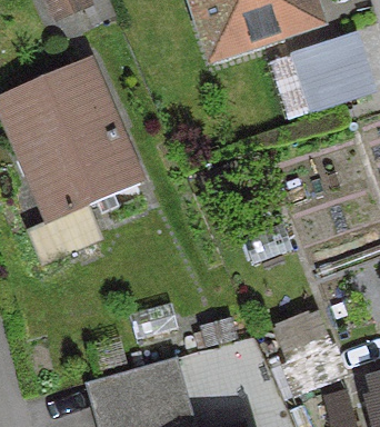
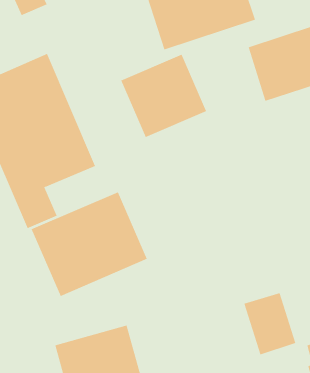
building: none -> [121,54,207,138]
building: none -> [31,191,147,297]

